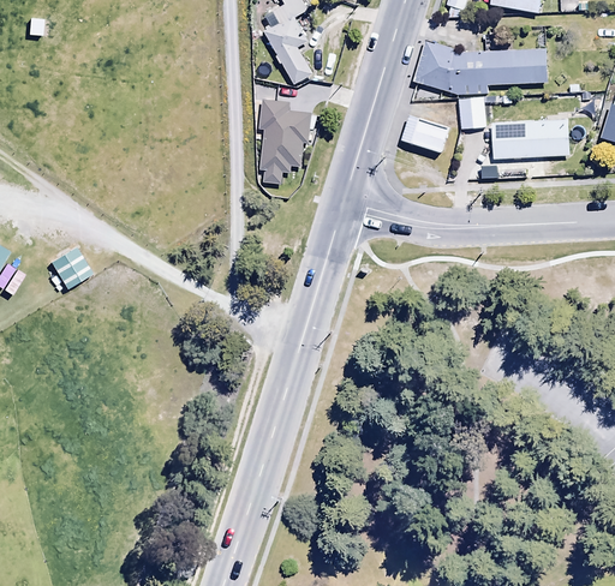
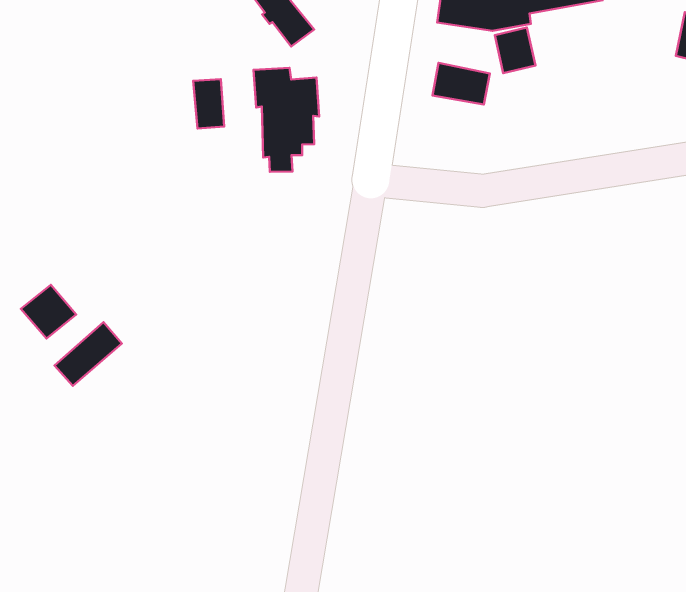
building: none -> [193,79,224,129]
building: [483,119,571,159] -> none
building: none -> [55,322,122,386]

